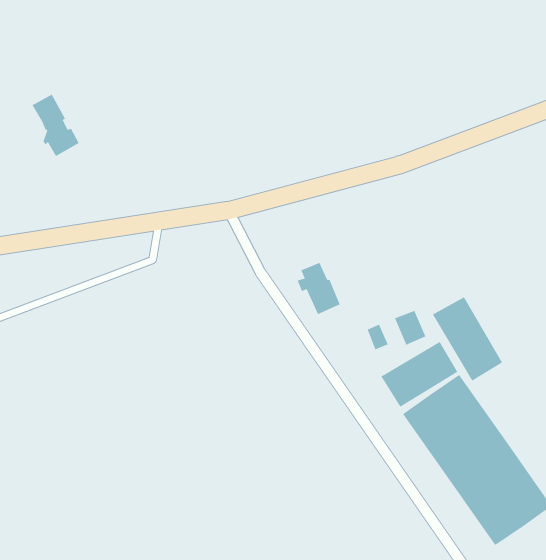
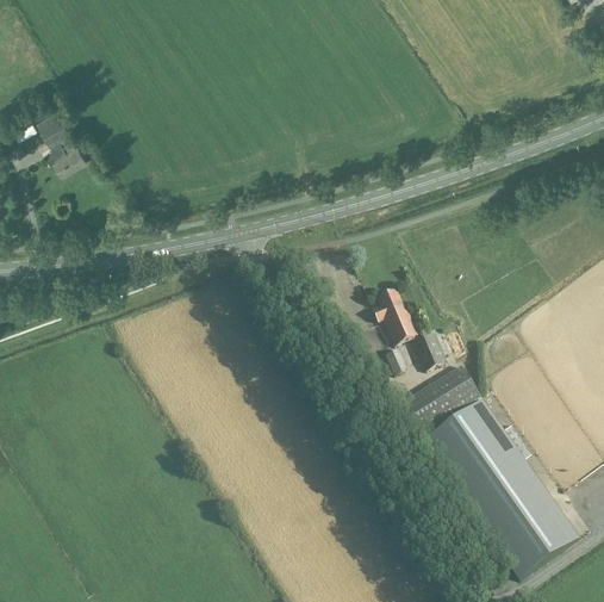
building: [297,262,340,315] -> [372,288,417,343]
building: [432,297,503,381] -> none

